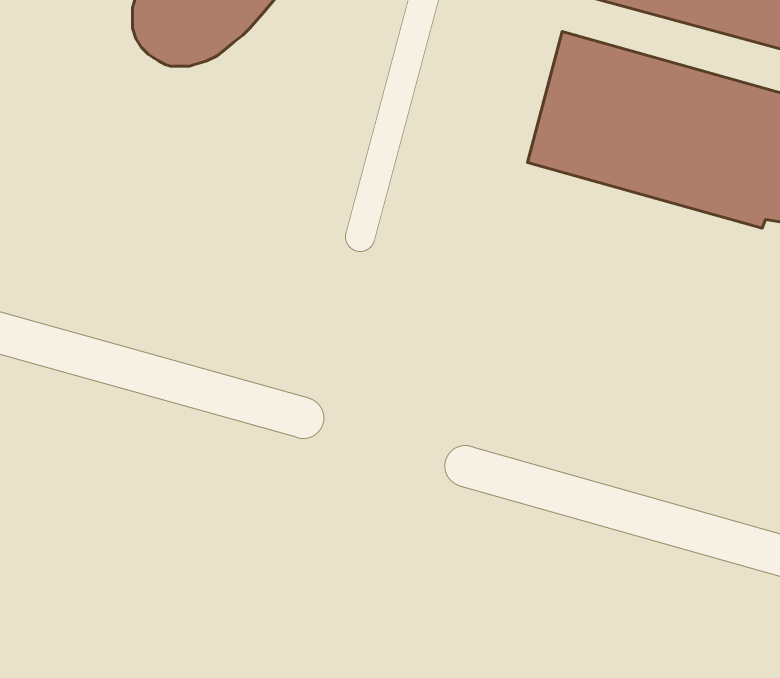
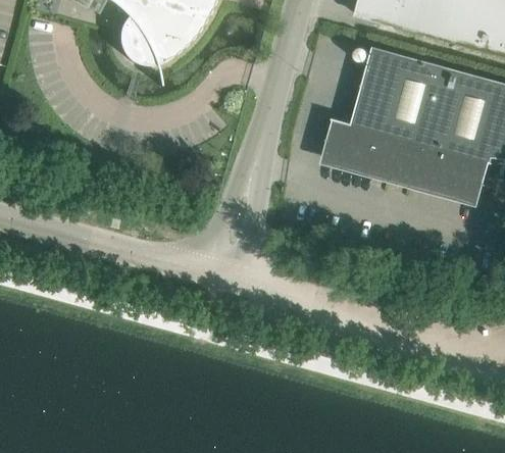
building: none -> [323,118,491,200]

